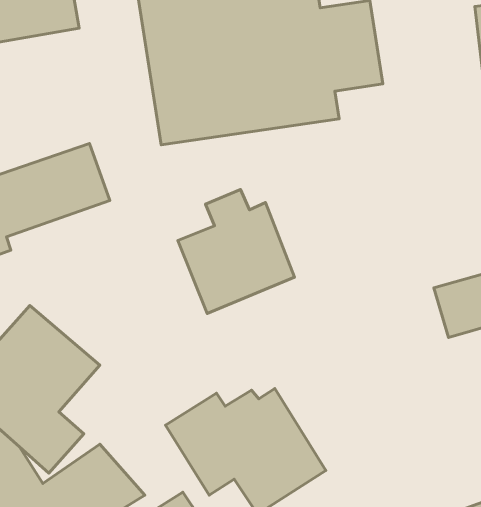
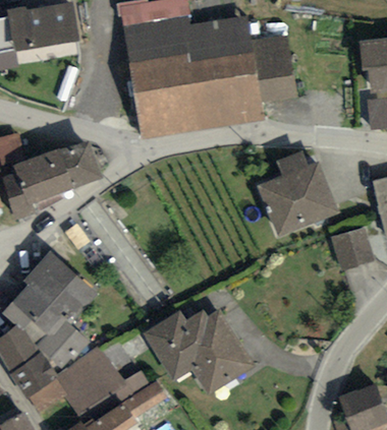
building: [178,189,295,313] -> [258,149,339,236]

